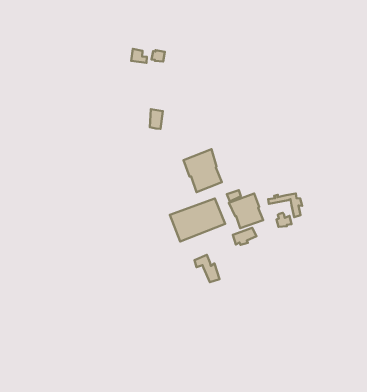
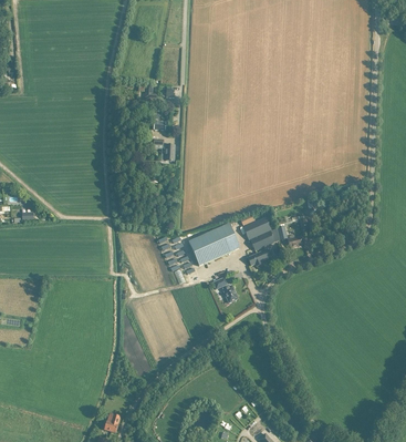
building: [183,149,222,192] -> none

